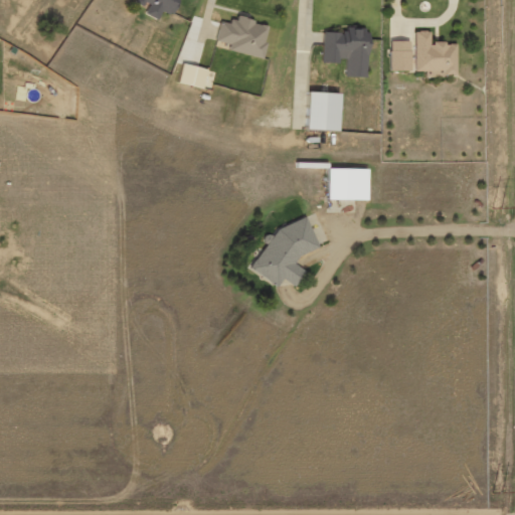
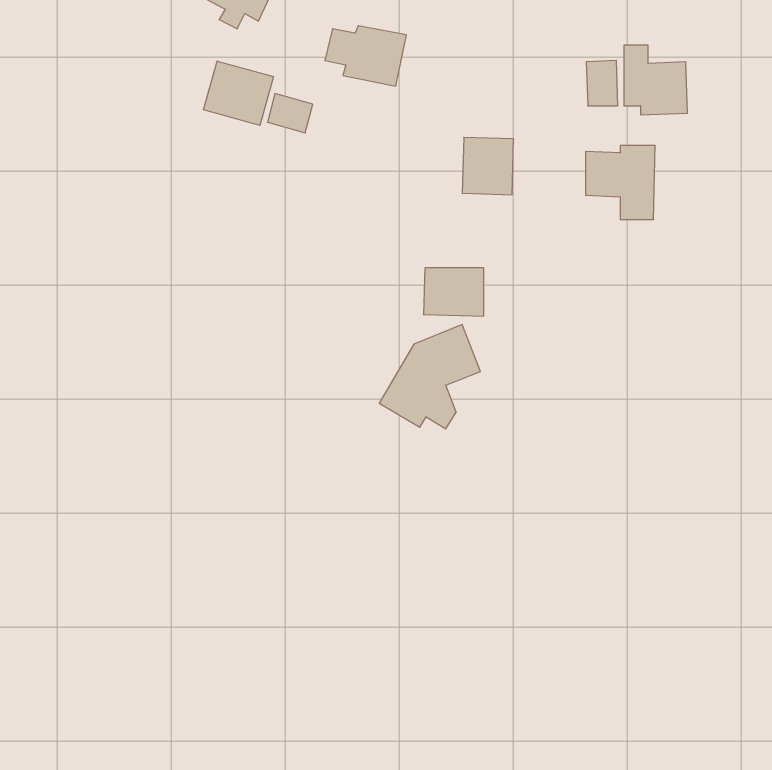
building: [323,27,369,76] -> [586,145,655,219]
building: none -> [204,61,274,125]
building: [329,168,369,200] -> [423,268,484,316]

